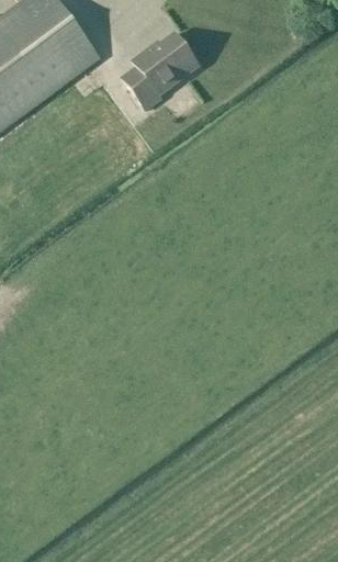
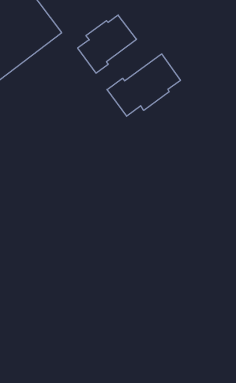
building: none -> [107,54,180,116]

